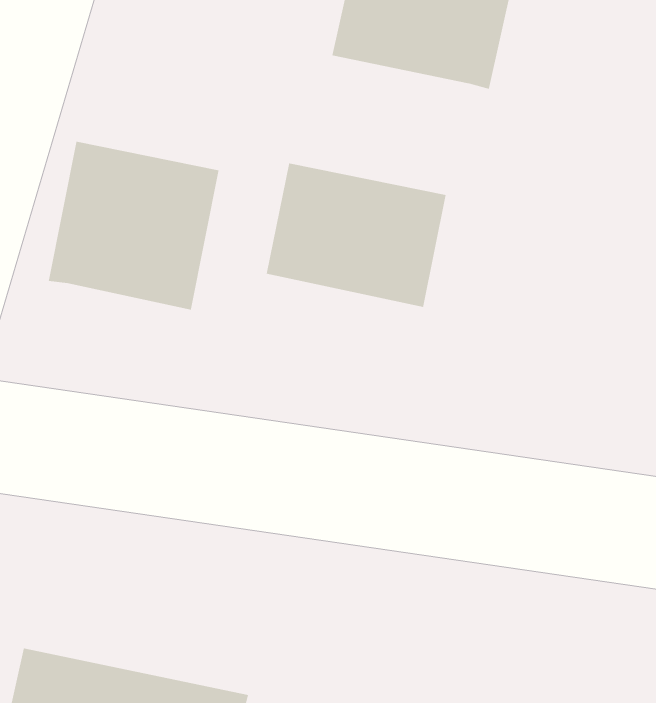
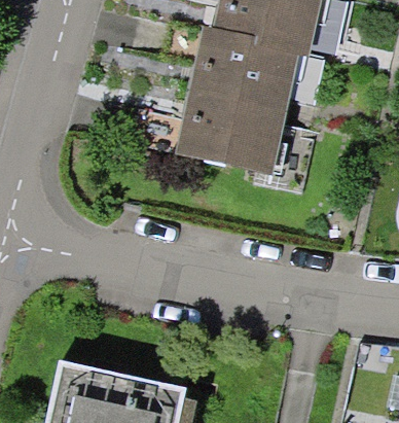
building: none -> [197,35,296,113]
building: [48,141,219,311] -> none

